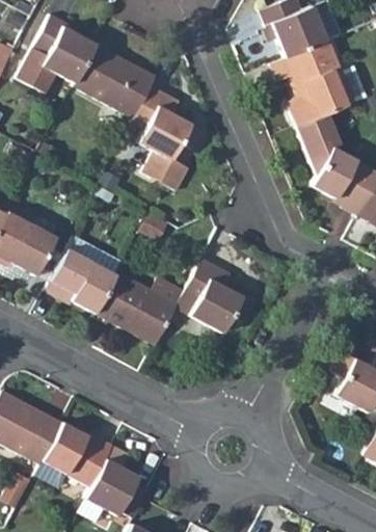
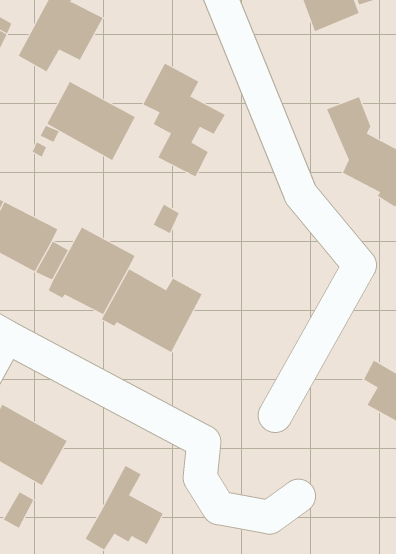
building: [270,39,353,127] -> none
building: [74,45,154,116] -> [47,81,135,161]
building: [177,259,256,332] -> none
building: [34,425,114,491] -> none

